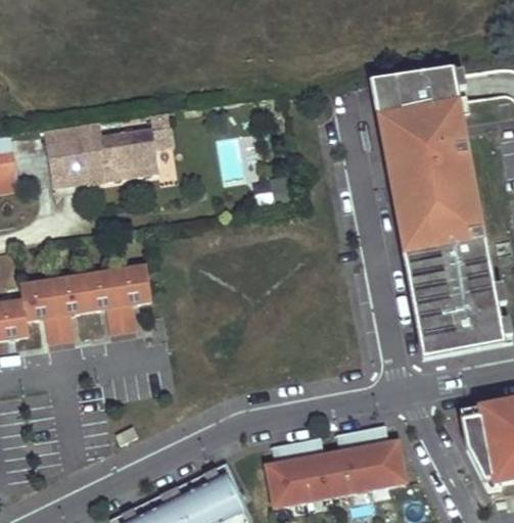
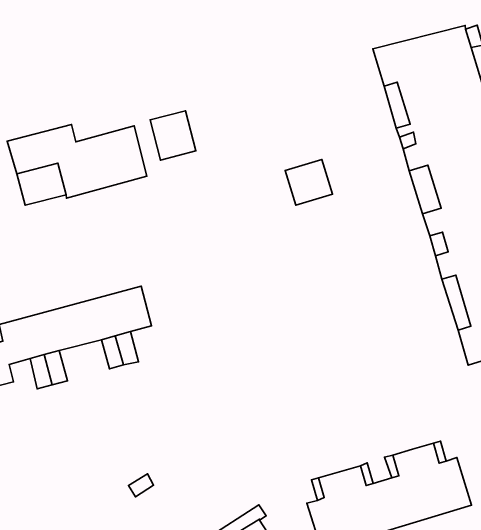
building: none -> [150,111,196,160]
building: none -> [285,159,332,205]

